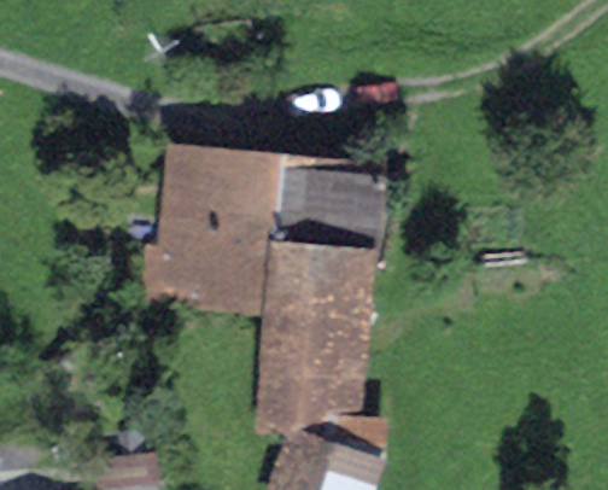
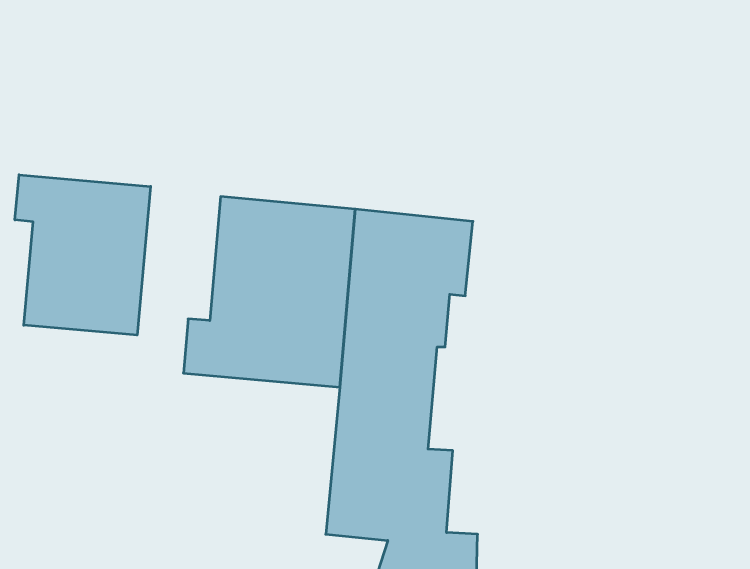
building: none -> [15,175,151,335]

